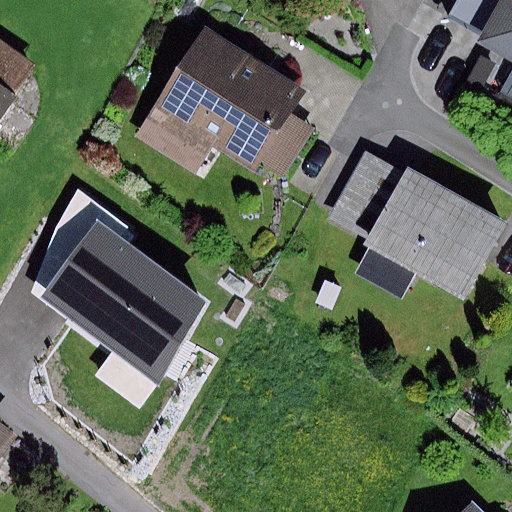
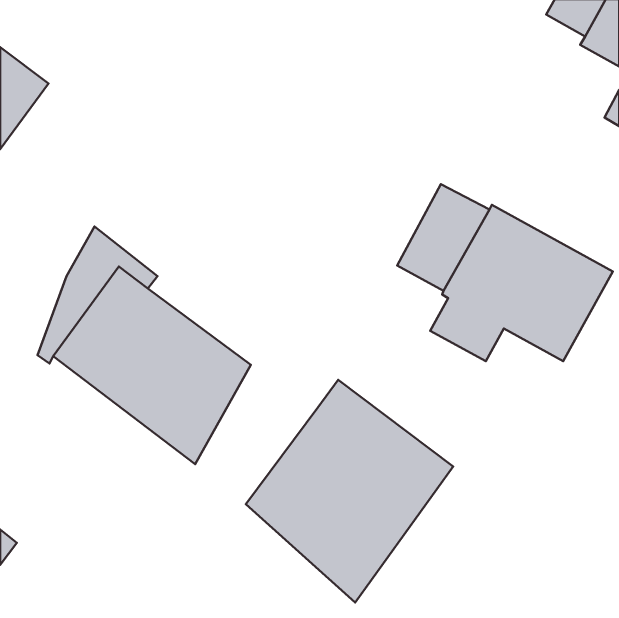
building: [137,28,314,177] -> none
building: none -> [246,380,453,603]

